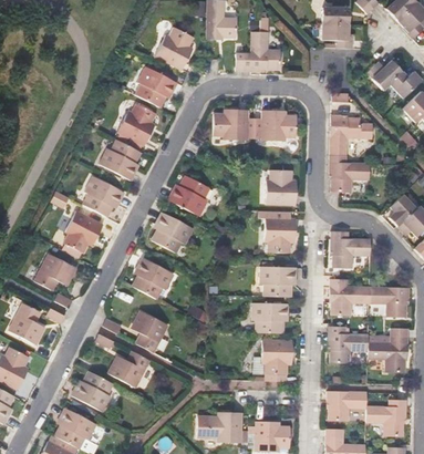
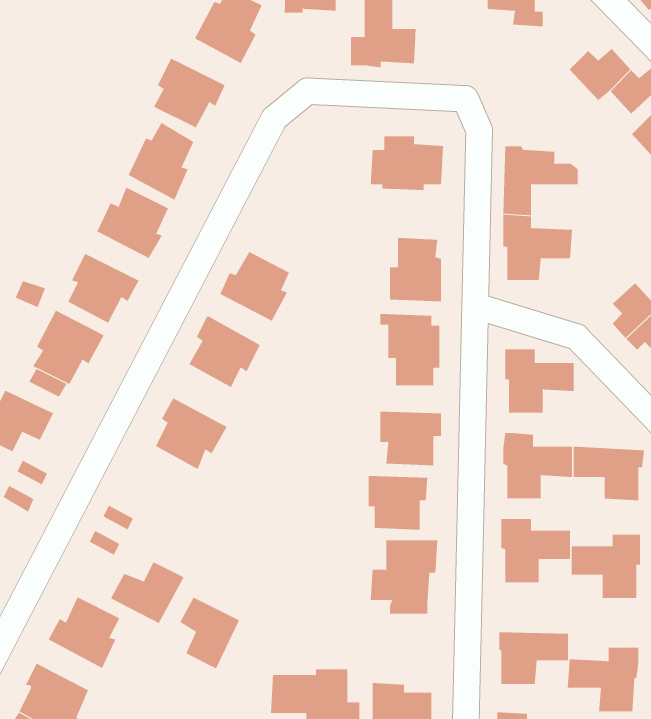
building: [213,109,256,140] -> none
building: [133,311,167,352] -> [179,597,240,669]

